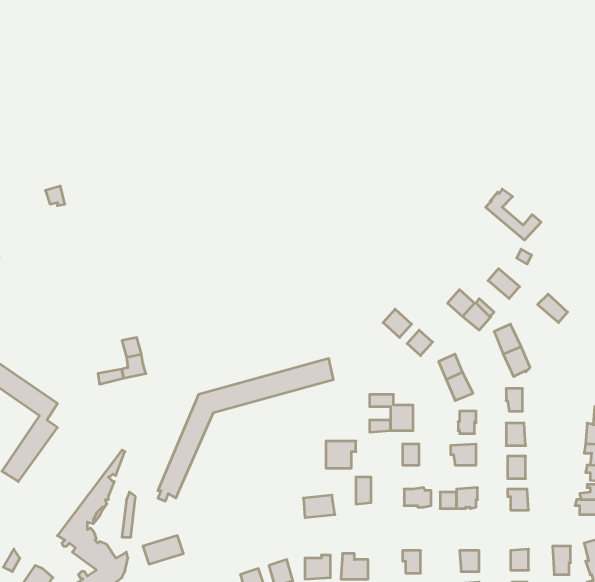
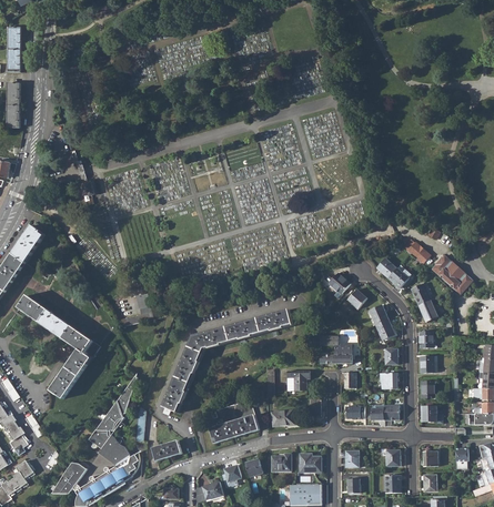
building: [486,189,541,240] -> [431,255,472,293]
building: none -> [204,414,256,443]

